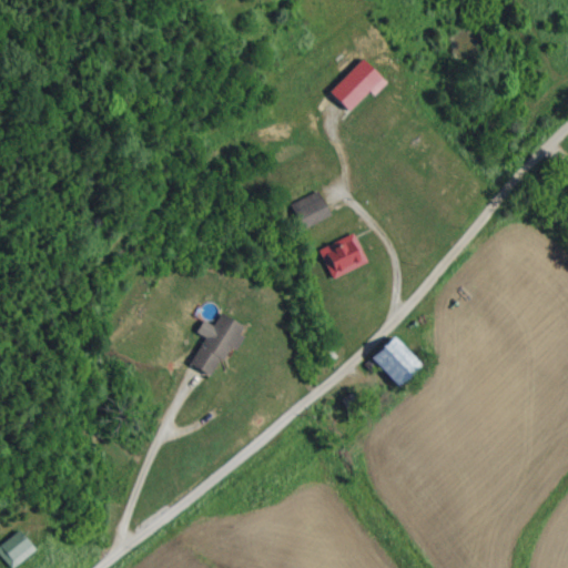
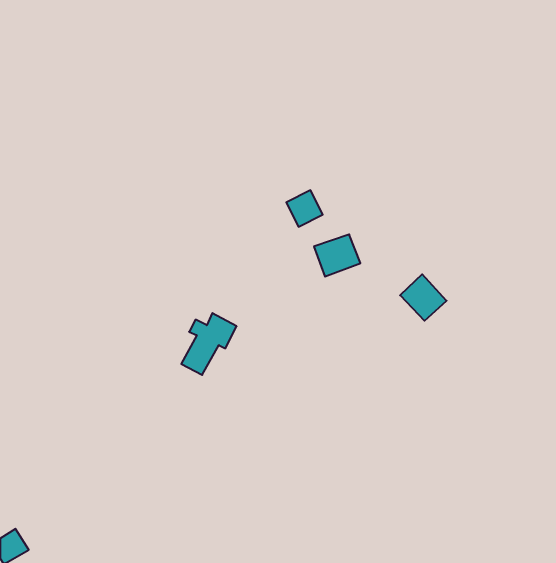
building: [329,59,387,110] -> none
building: [371,335,417,382] -> [400,274,447,321]

